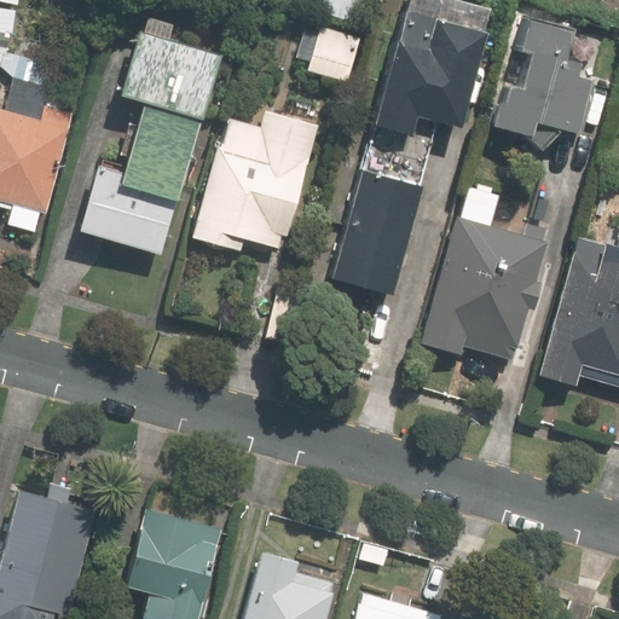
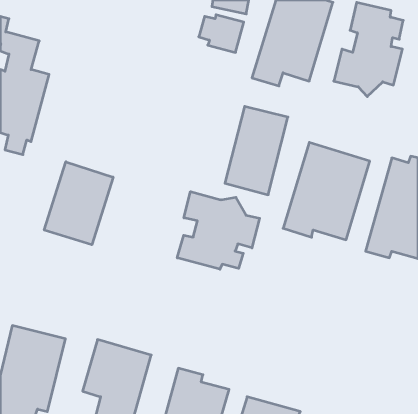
building: [80,13,224,256] -> none
building: [192,110,320,253] -> none
building: none -> [44,162,113,245]
building: none -> [177,192,260,269]

